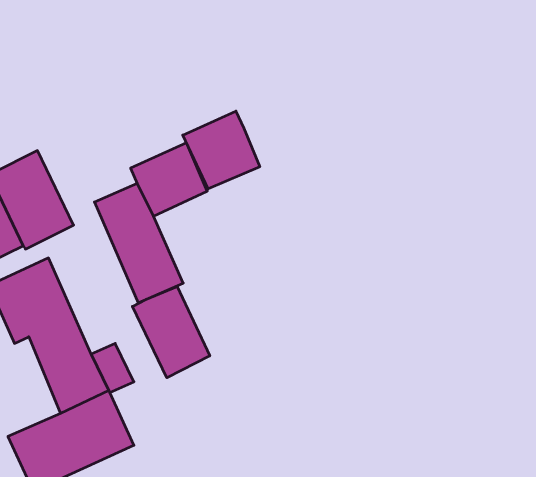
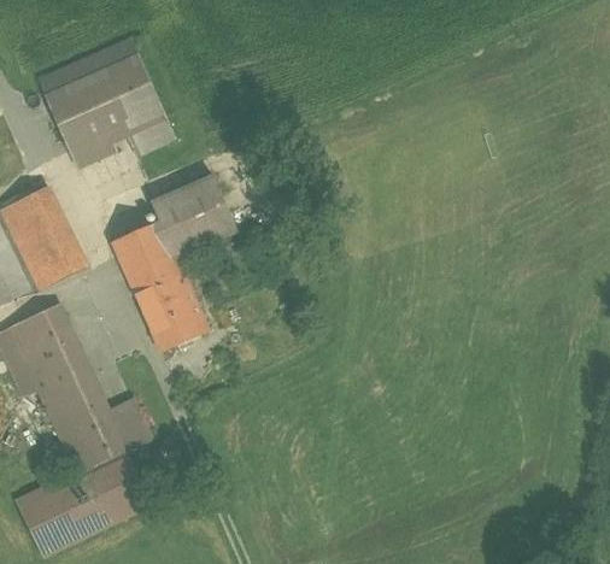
building: none -> [39,40,172,164]
building: [183,111,260,189] -> none
building: [132,287,210,378] -> none

